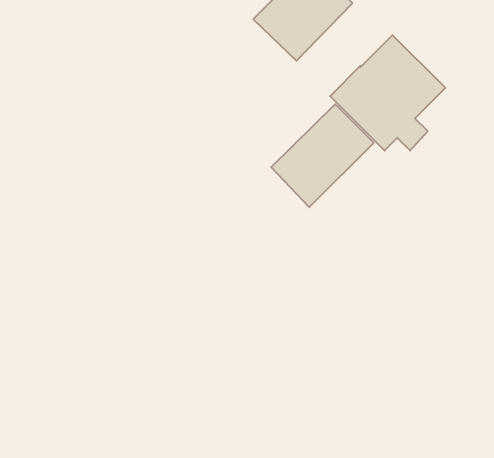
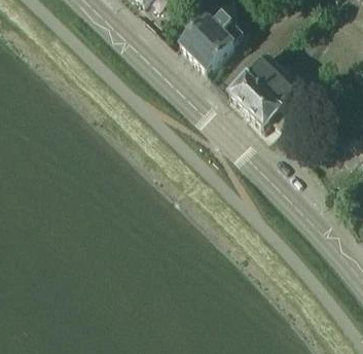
building: [271,104,374,207] -> none

